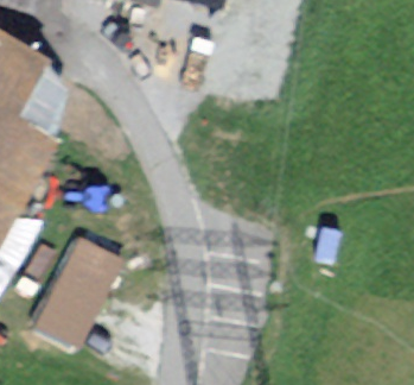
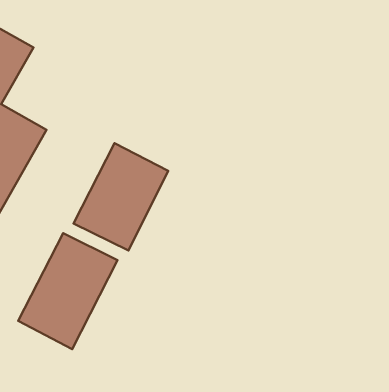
building: none -> [74,143,168,250]

